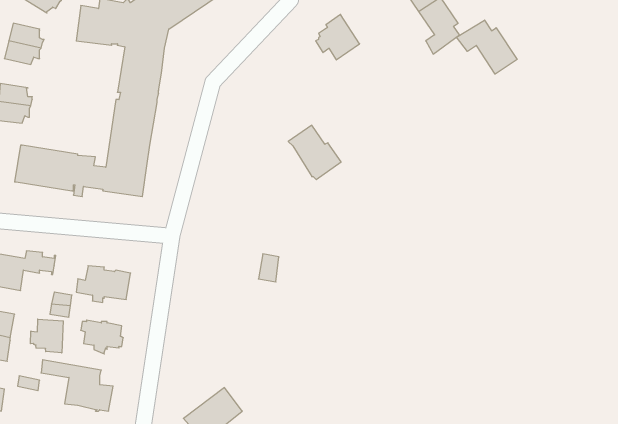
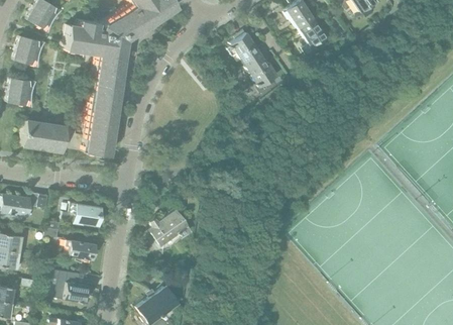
building: [457,20,517,74] -> none
building: [288,125,341,180] -> [244,50,280,88]
building: none -> [151,211,192,246]
building: [31,319,63,353] -> none

